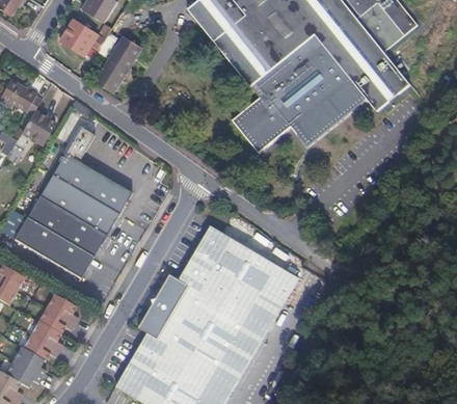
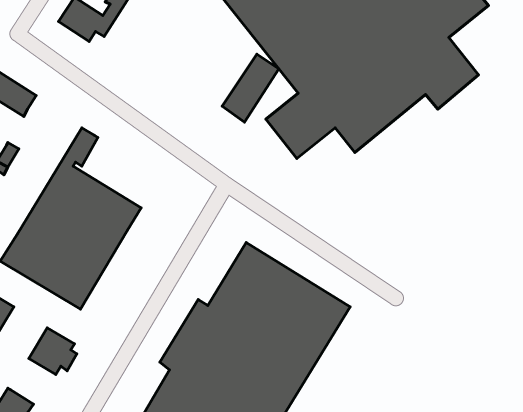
building: [93,36,141,93] -> [222,54,279,122]
building: [20,111,51,142] -> none
building: [17,321,57,360] -> none

